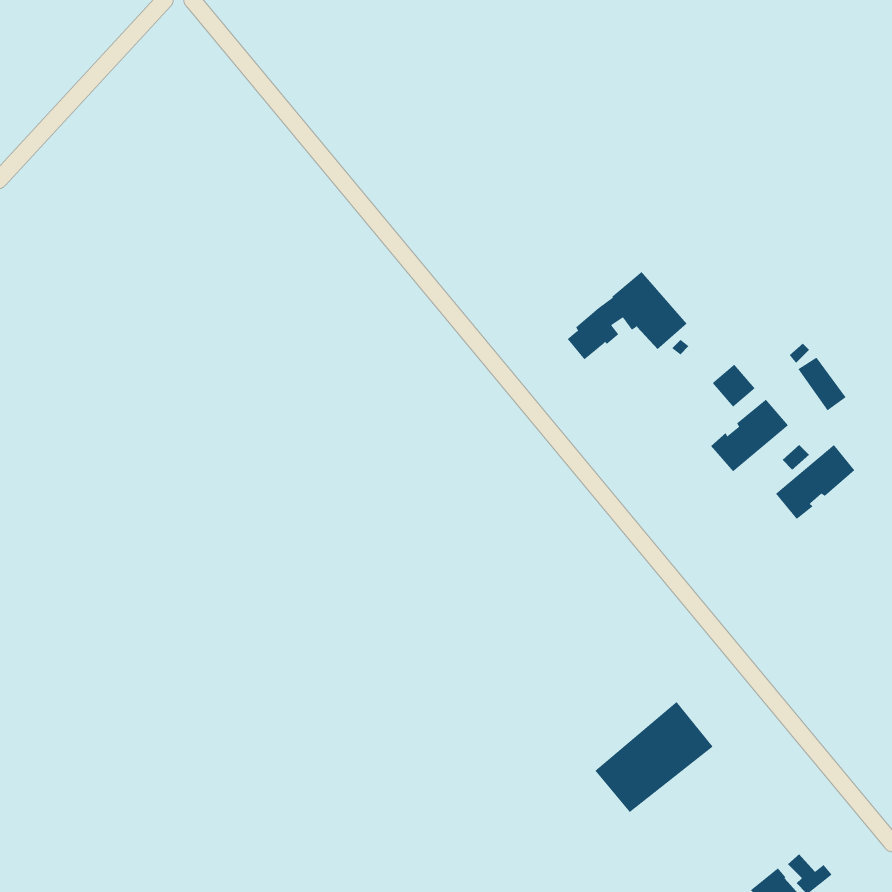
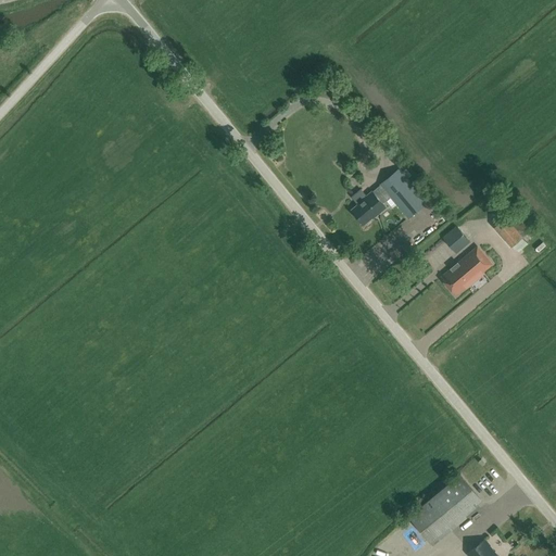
building: [775,444,855,520] -> none
building: [595,701,714,813] -> [409,475,483,544]

